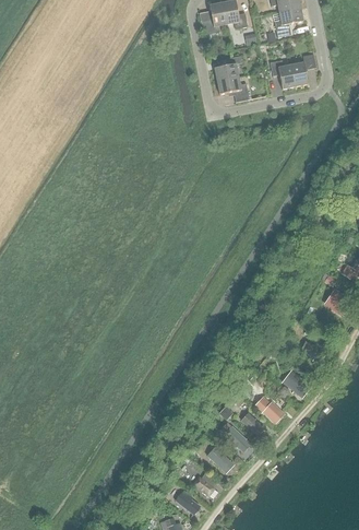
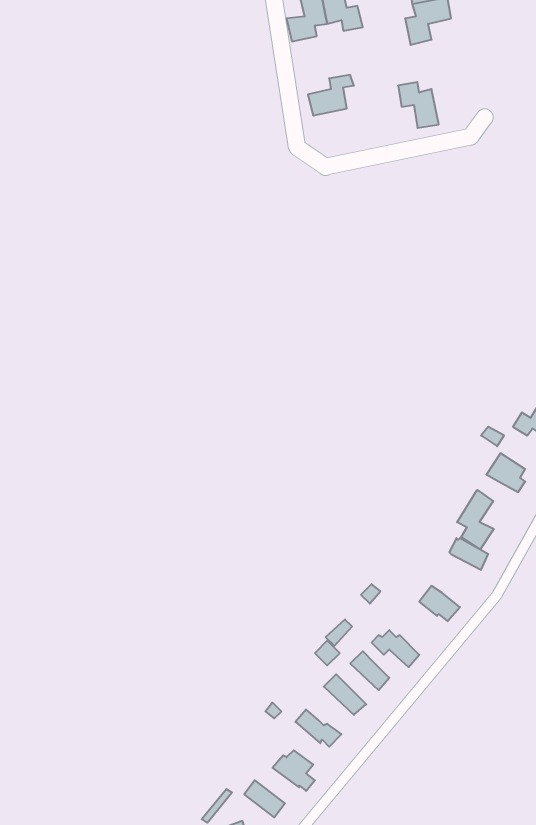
building: [290,52,315,85] -> none
building: [217,75,249,101] -> none
building: none -> [457,490,494,549]

